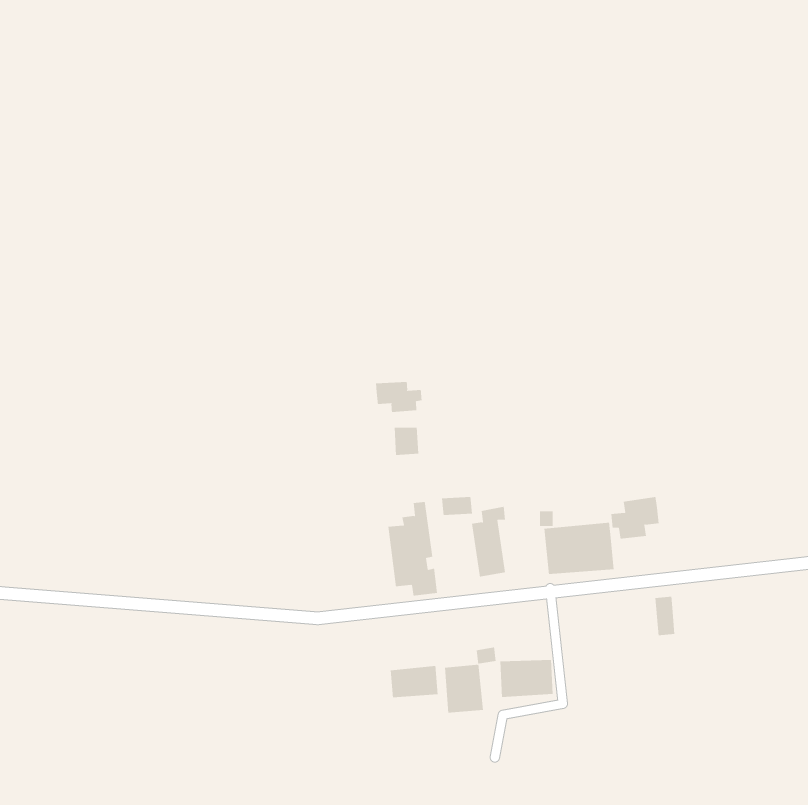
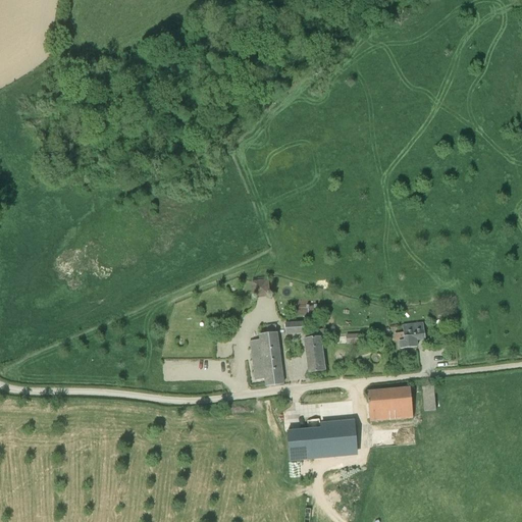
building: [376,381,422,413] -> none
building: [543,522,615,574] -> [367,386,413,420]
building: [390,665,438,698] -> none

